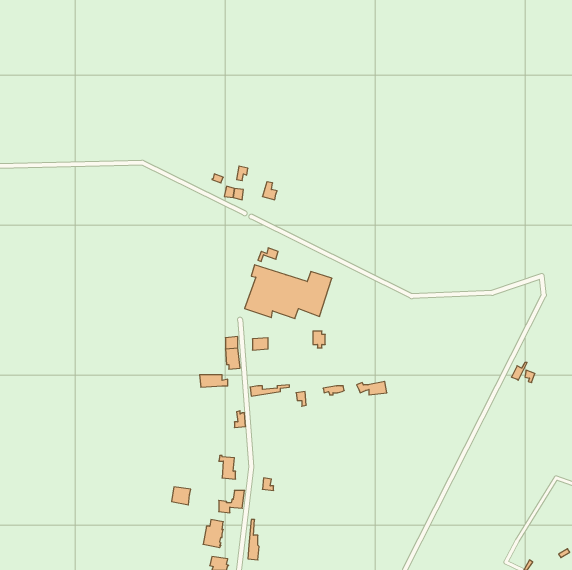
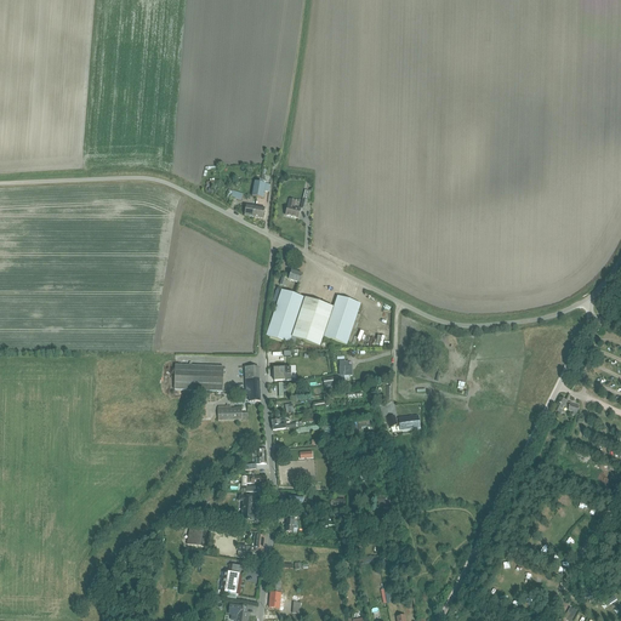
building: none -> [173,363,222,393]

